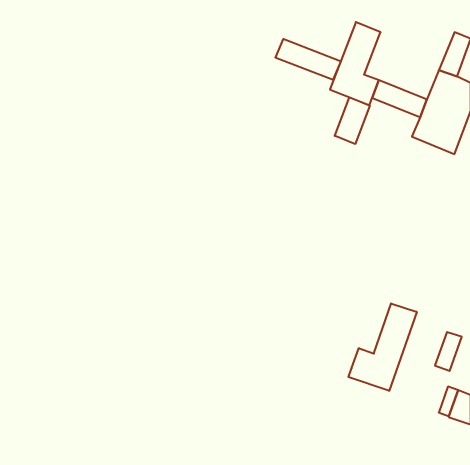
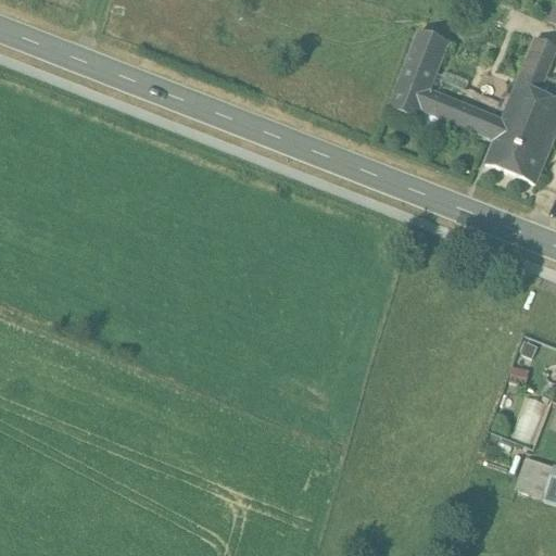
building: [275,39,341,80] -> none
building: [335,97,370,144] -> none
building: [348,303,417,391] -> none

